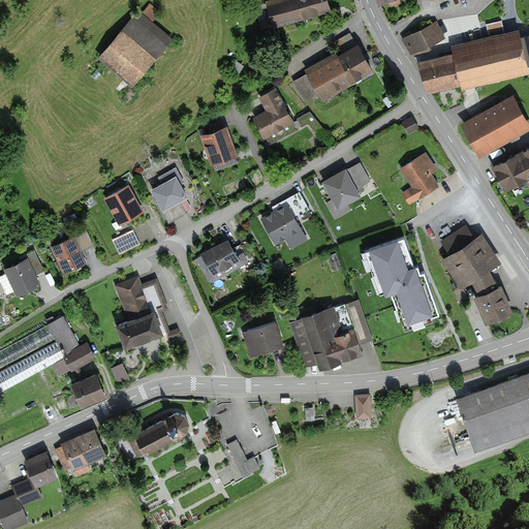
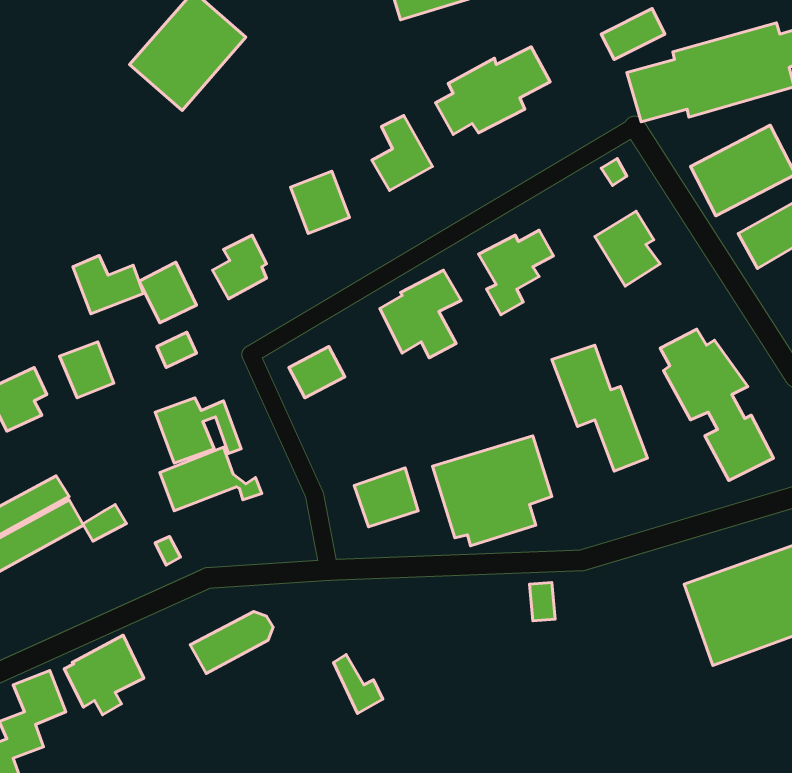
building: none -> [73,256,144,314]
building: [49,317,80,355] -> none
building: [73,374,104,404] -> none

